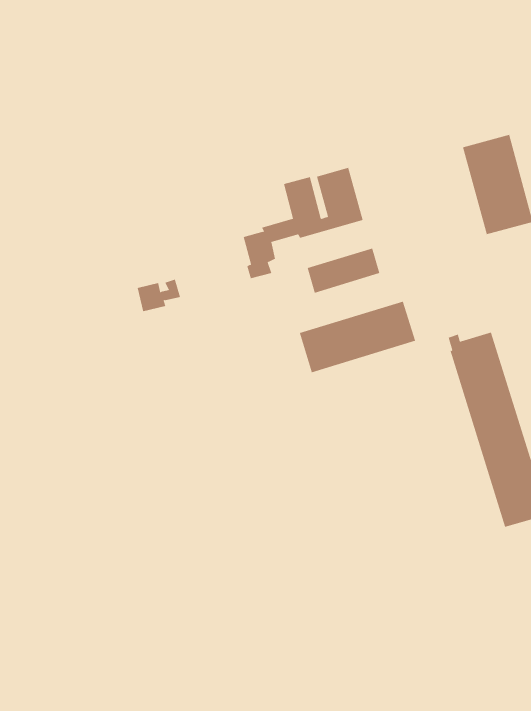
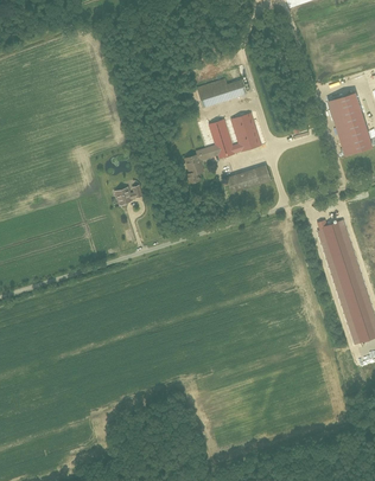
building: none -> [197,78,247,107]
building: [299,301,416,373] -> none

